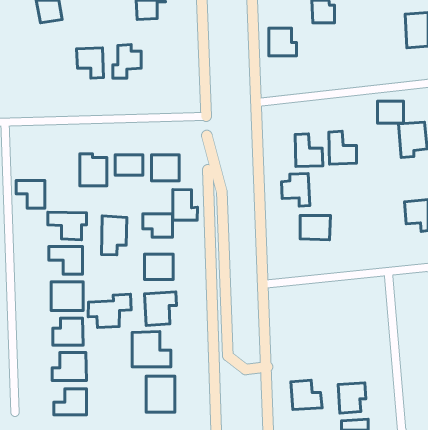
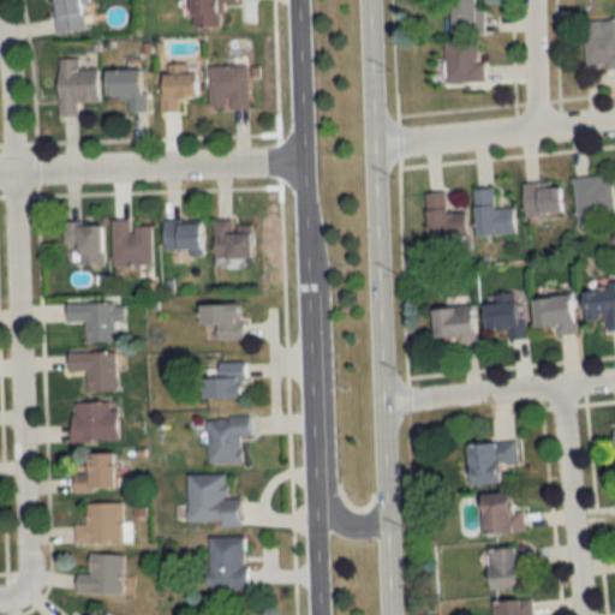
building: [269,28,297,56] -> [441,41,480,80]
building: none -> [60,58,100,117]
building: none -> [210,66,249,108]
building: [378,101,404,123] -> [520,184,557,215]
building: [281,173,310,206] -> [479,293,520,340]
building: [16,180,45,208] -> [65,223,106,263]
building: [173,189,197,220] -> none
building: none -> [527,295,572,335]
building: [101,216,127,255] -> none
building: [88,294,131,328] -> none
building: none -> [462,441,514,486]
building: [291,380,322,409] -> [477,492,521,535]

